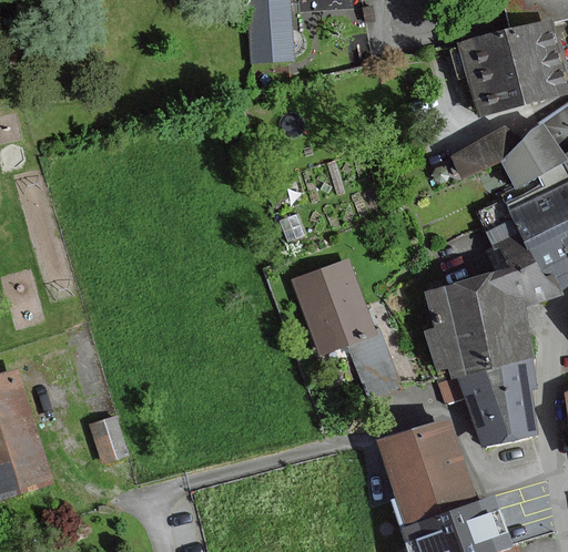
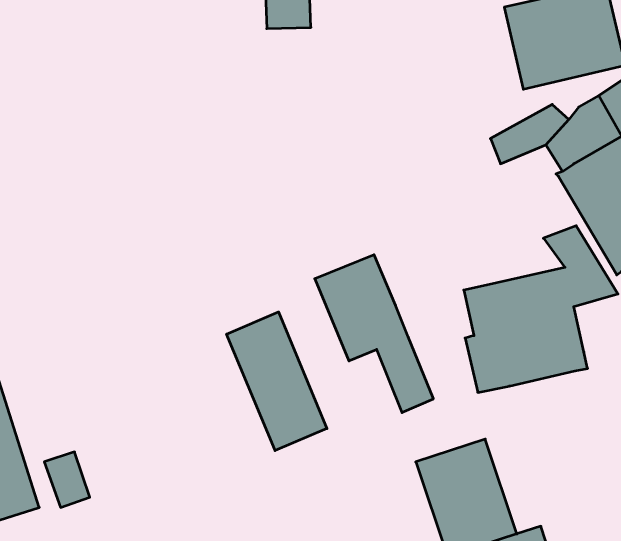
building: none -> [227,312,327,451]
building: [437,359,540,447] -> none
building: [88,410,128,459] -> [44,452,90,507]

